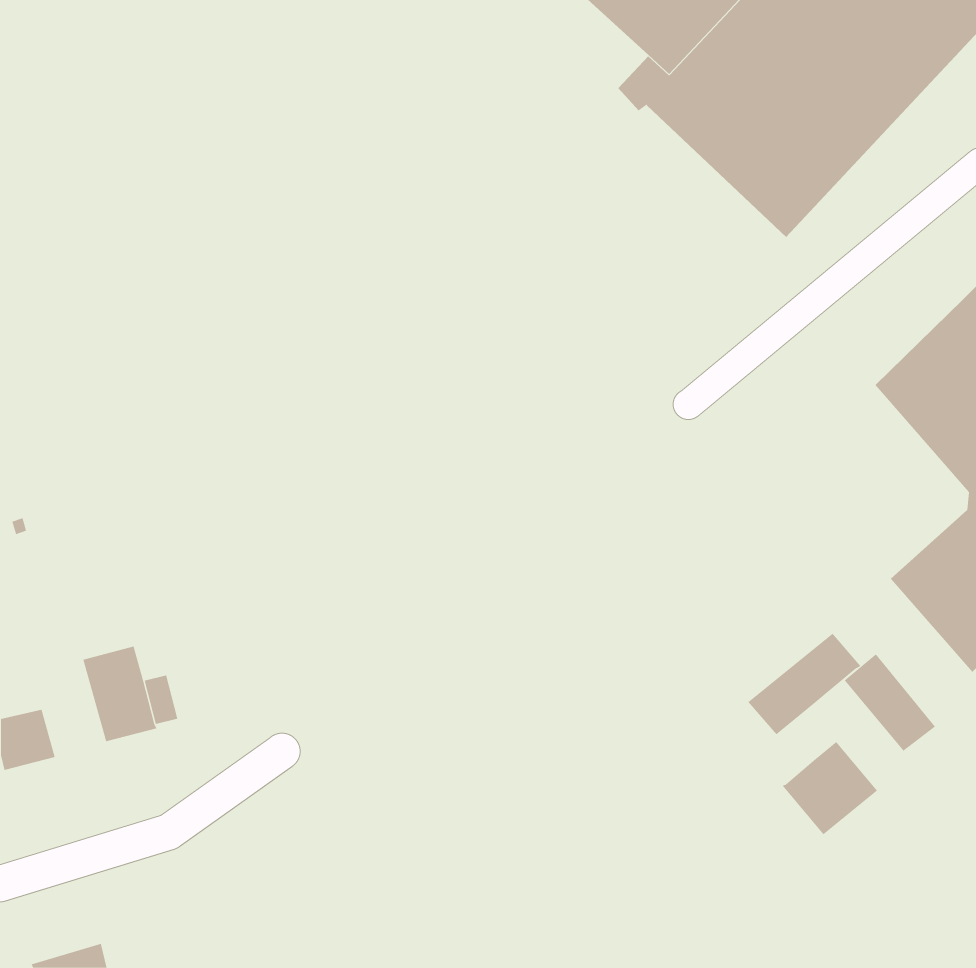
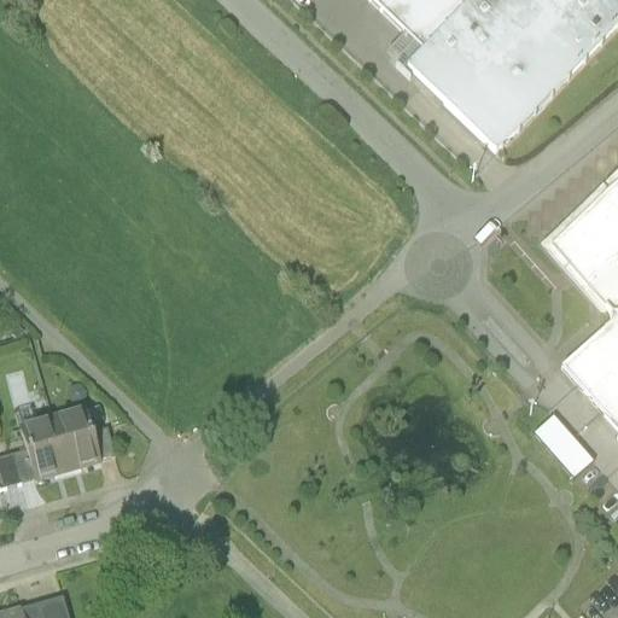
building: [748,633,861,735] -> none
building: none -> [23,415,69,477]
building: [782,741,878,835] -> none

